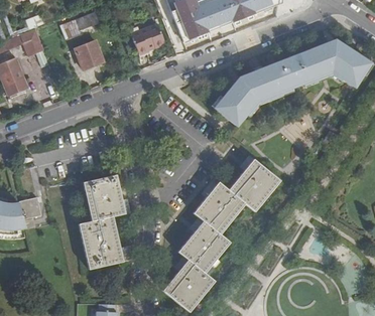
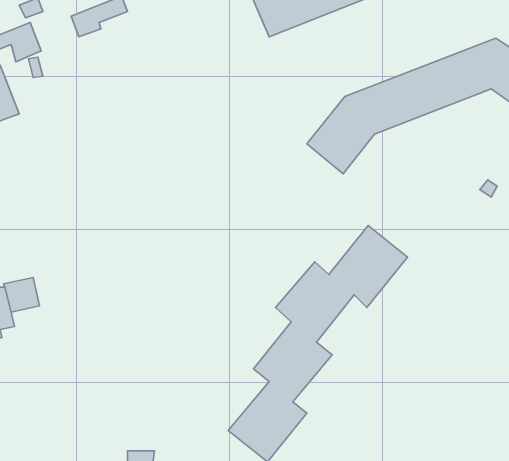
building: [131,24,168,54] -> none
building: [76,41,105,70] -> none
building: [79,174,132,269] -> none

